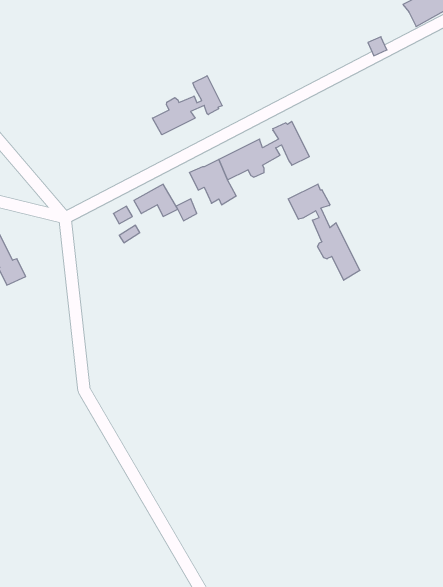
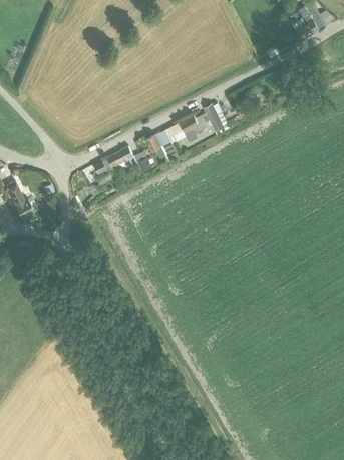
building: [152,76,222,135] -> none
building: [288,184,360,280] -> none

